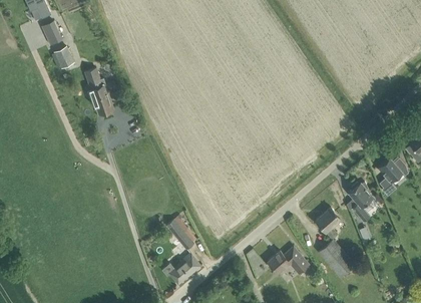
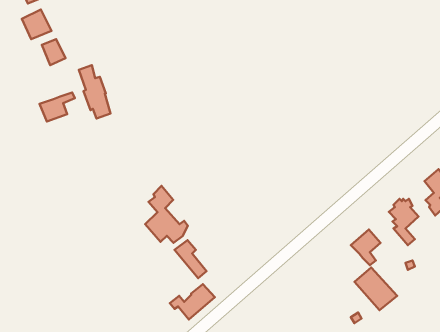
building: none -> [40,93,75,121]
building: none -> [145,186,188,243]
building: [268,247,309,275] -> none

